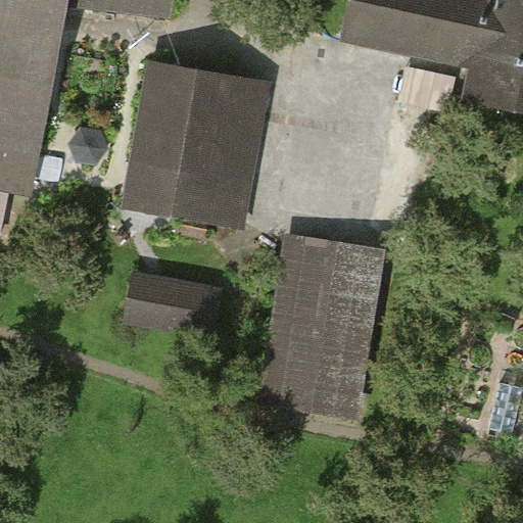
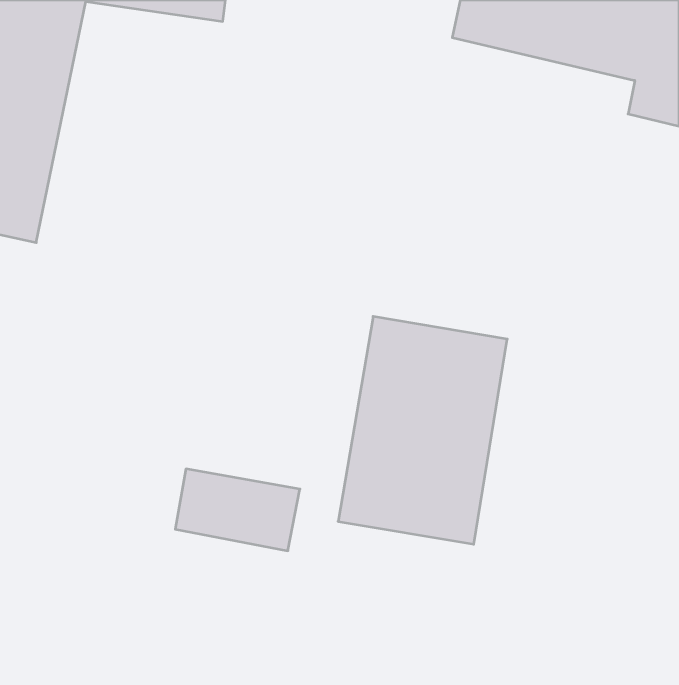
building: [128,65,256,225] -> none
building: [126,277,221,339] -> [175,469,300,551]

